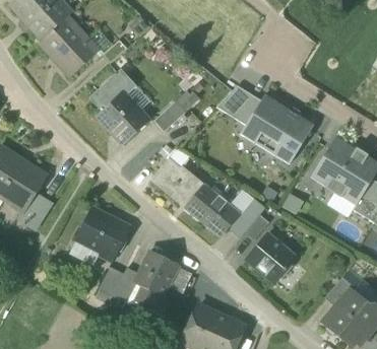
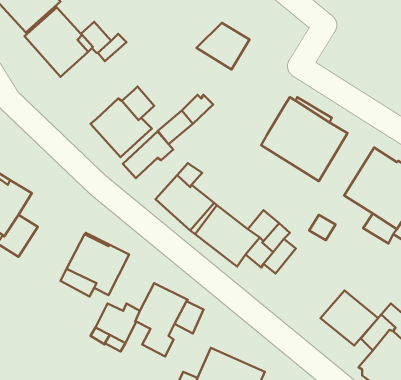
building: [90,72,133,112] -> [123,131,173,178]
building: [216,85,261,125] -> [197,23,249,69]
building: [247,235,296,282] -> [320,290,378,346]

